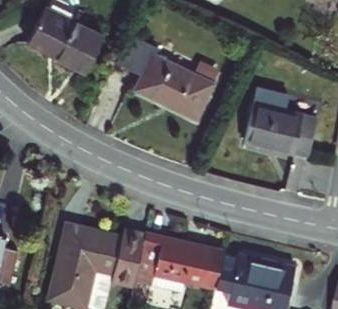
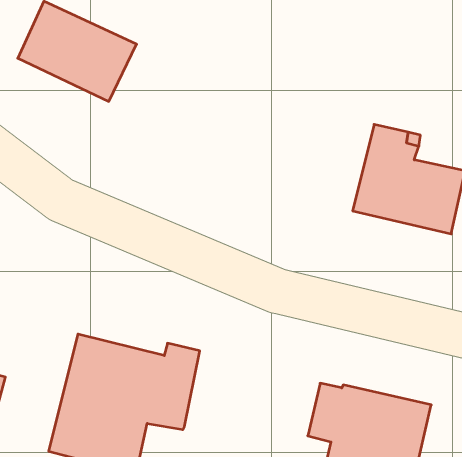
building: [112,35,220,119] -> none
building: [134,234,223,289] -> none

